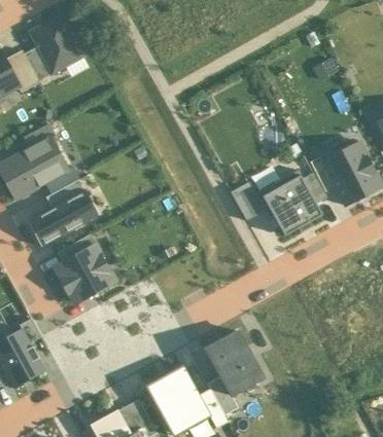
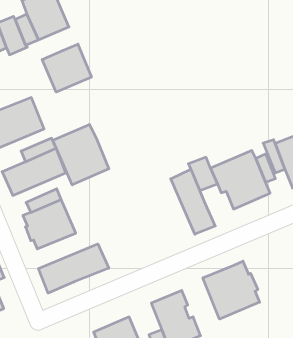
building: none -> [42,44,91,92]
building: none -> [53,124,109,185]
building: none -> [171,169,215,234]
building: none -> [39,244,109,293]
building: none -> [203,261,260,319]

